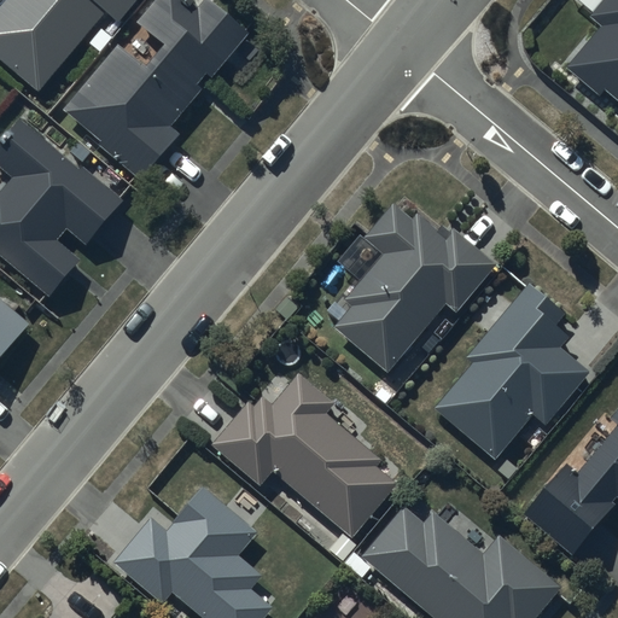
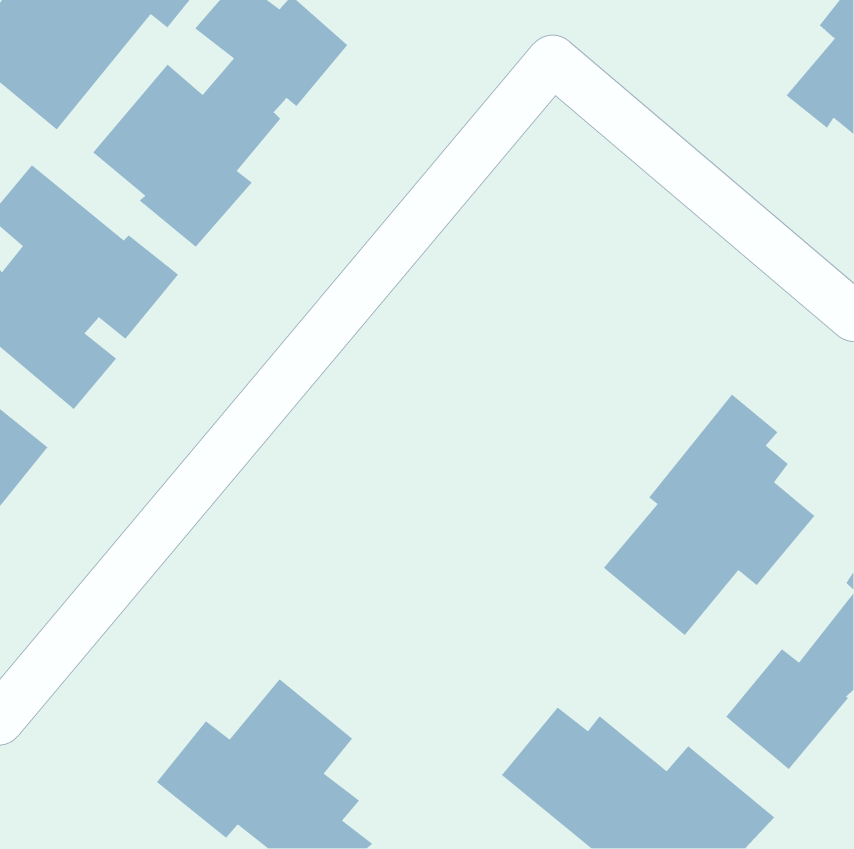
building: [333,204,496,374] -> none
building: [211,374,395,536] -> none

